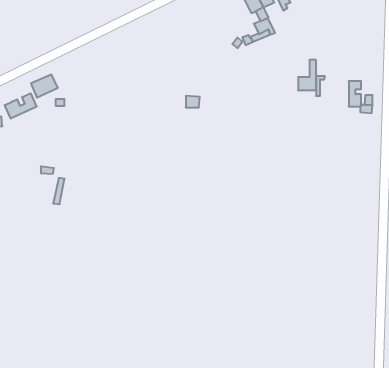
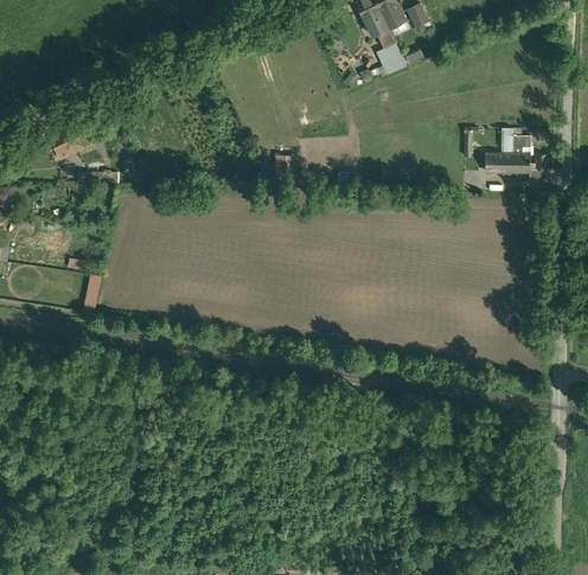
building: [298,60,316,90] -> [486,128,512,172]
building: [5,93,37,119] -> none

